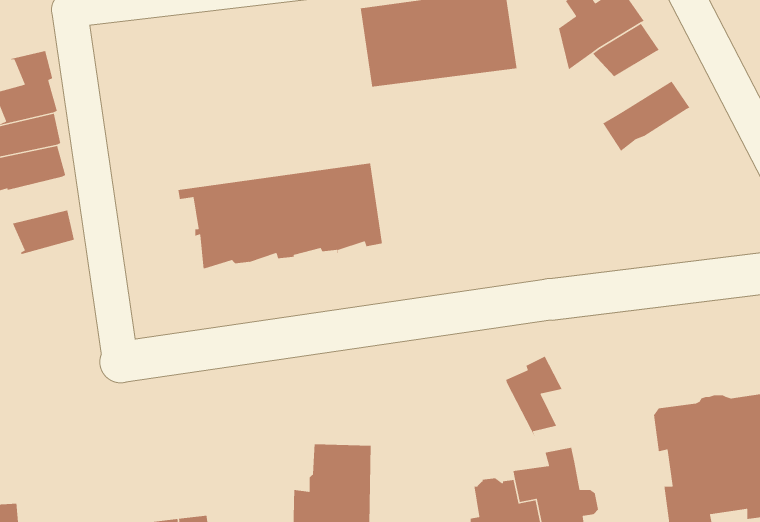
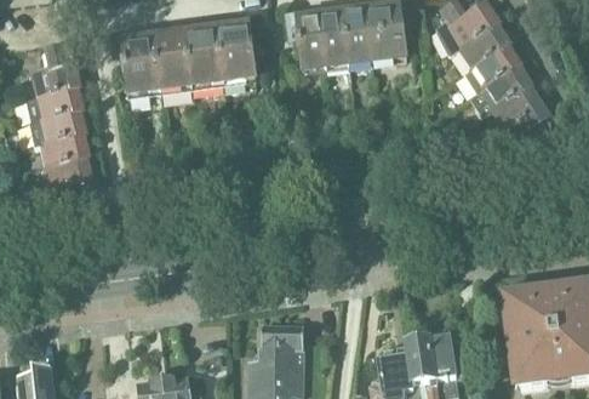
building: none -> [464,45,520,91]
building: none -> [492,86,549,139]
building: [178,162,383,269] -> [109,18,256,95]
building: none -> [42,135,88,167]
building: [505,356,564,458] -> none

